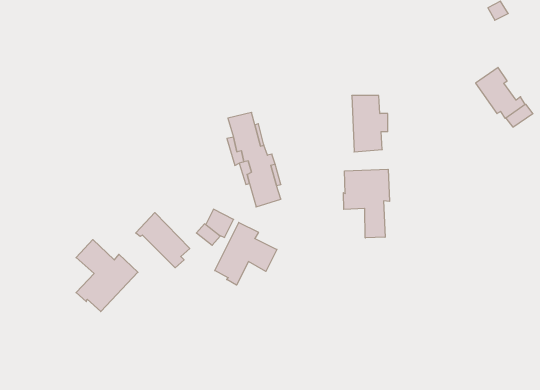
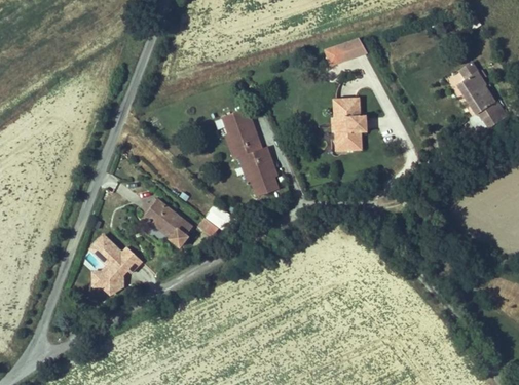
building: none -> [328,34,367,63]
building: [343,169,389,238] -> none
building: [215,222,277,285] -> none

